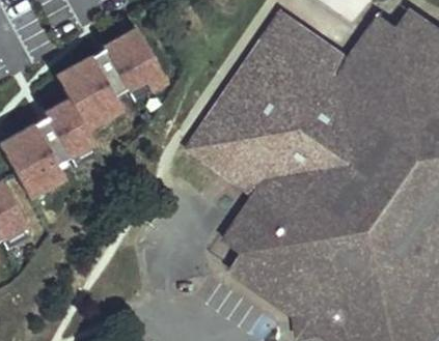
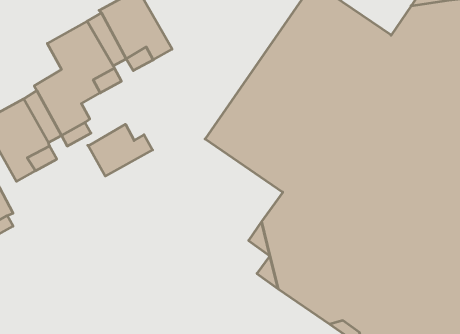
building: none -> [88,124,153,176]

